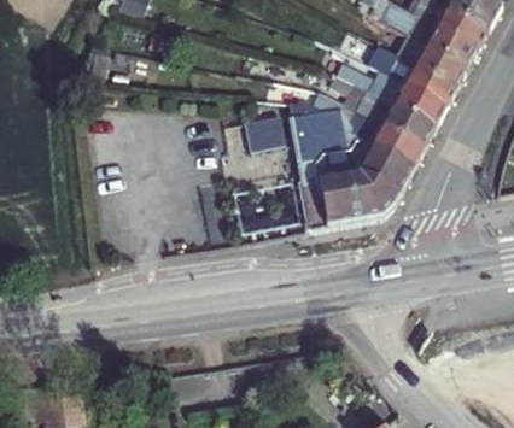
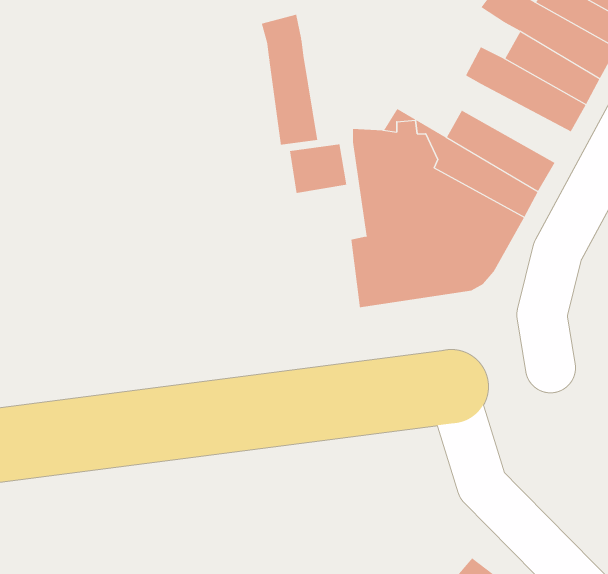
building: none -> [261,14,318,146]
building: [340,65,445,129] -> none

